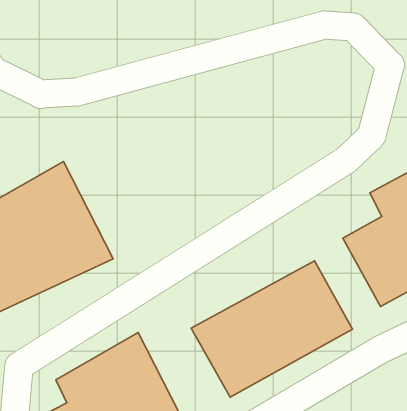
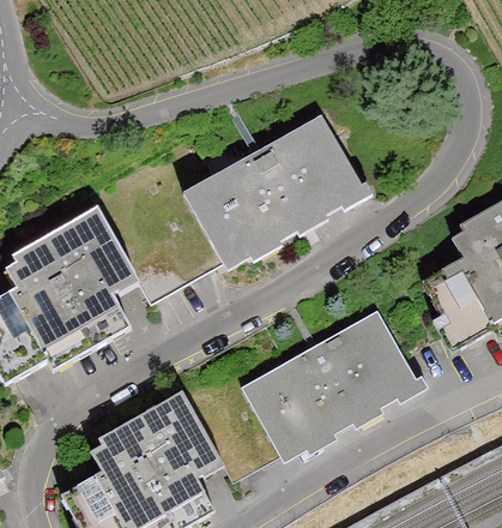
building: none -> [185,114,364,269]

